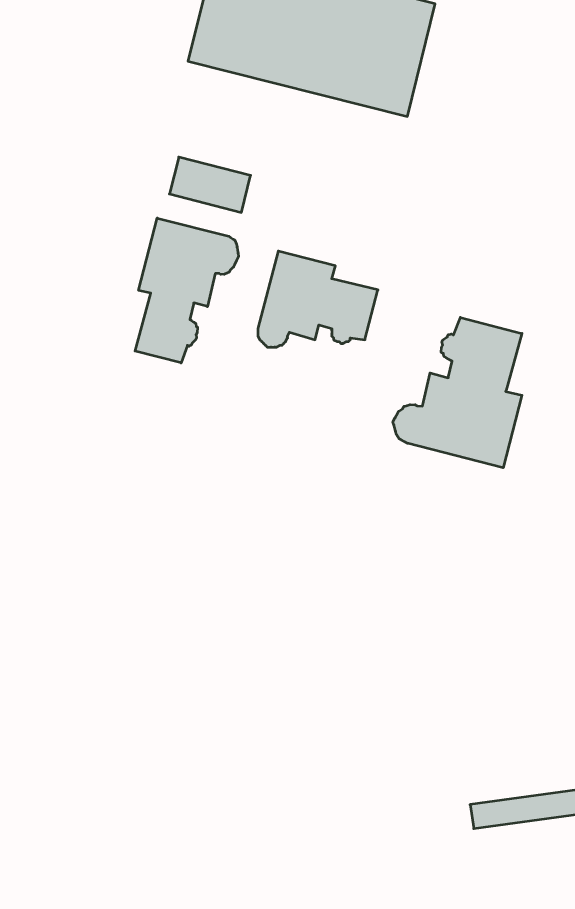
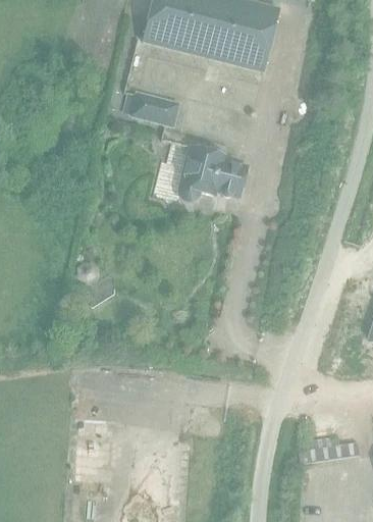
building: [135,218,238,363] -> none
building: [393,317,522,468] -> none

